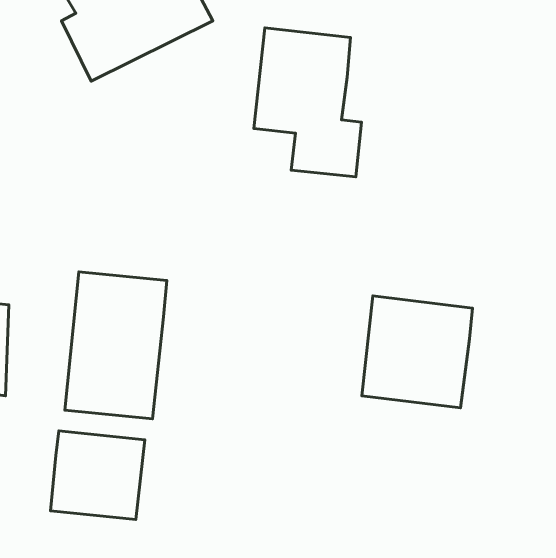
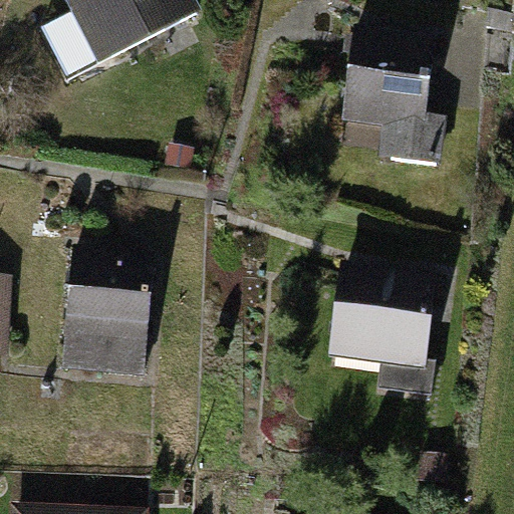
building: [254,28,361,177] -> [342,30,441,167]
building: [50,431,145,520] -> none

